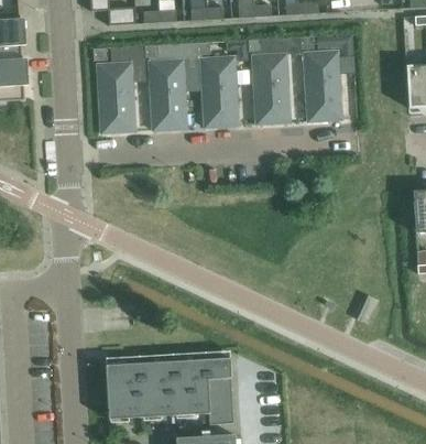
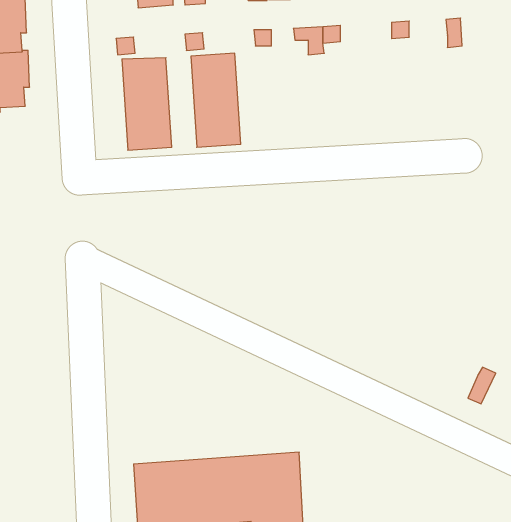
building: [304,51,340,121] -> none
building: [252,54,288,123] -> none
building: [200,56,238,127] -> none

